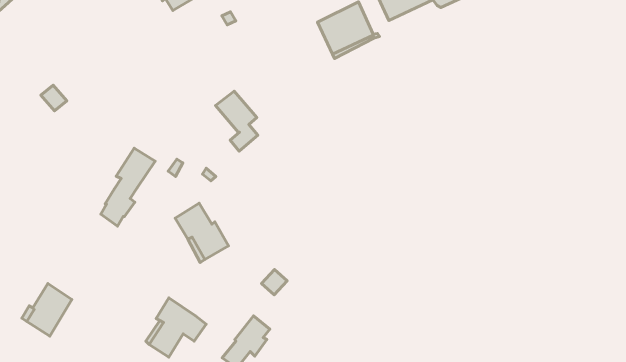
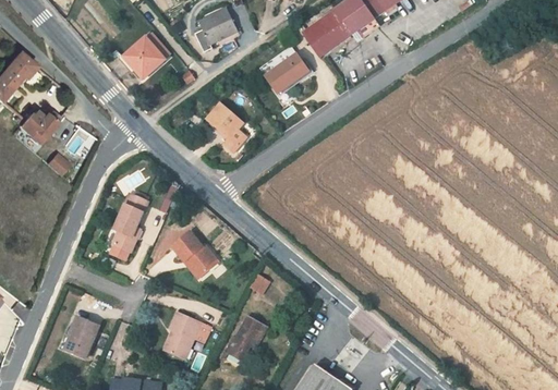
building: none -> [19,110,58,143]
building: [216,91,258,151] -> [207,103,245,151]

